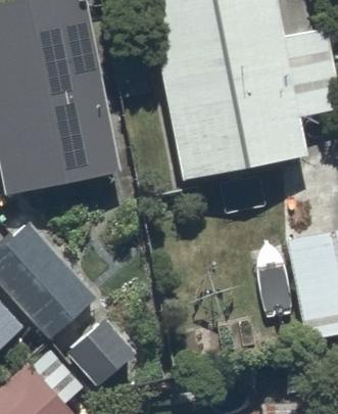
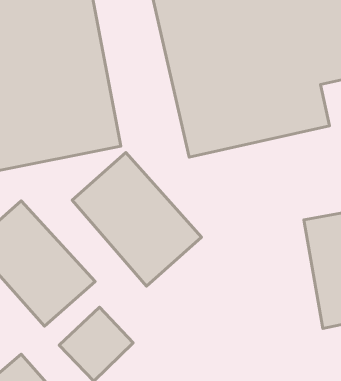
building: none -> [72,153,201,286]

